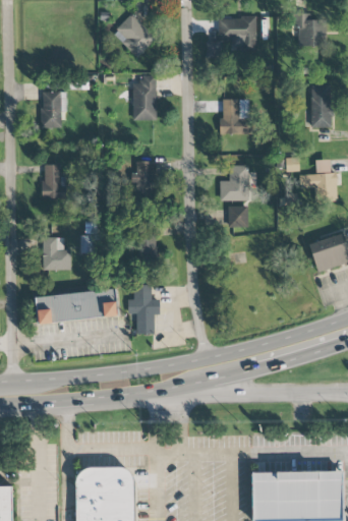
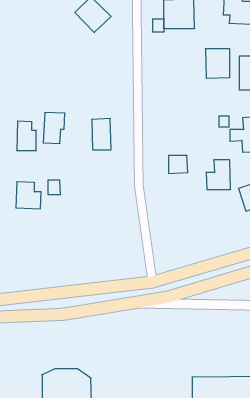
building: [131,74,157,120] -> none
building: [40,91,66,128] -> [43,112,65,144]
building: [220,99,249,134] -> [205,49,230,78]
building: [219,165,248,200] -> [206,160,231,189]
building: [127,284,159,333] -> none
building: [35,289,117,323] -> none

